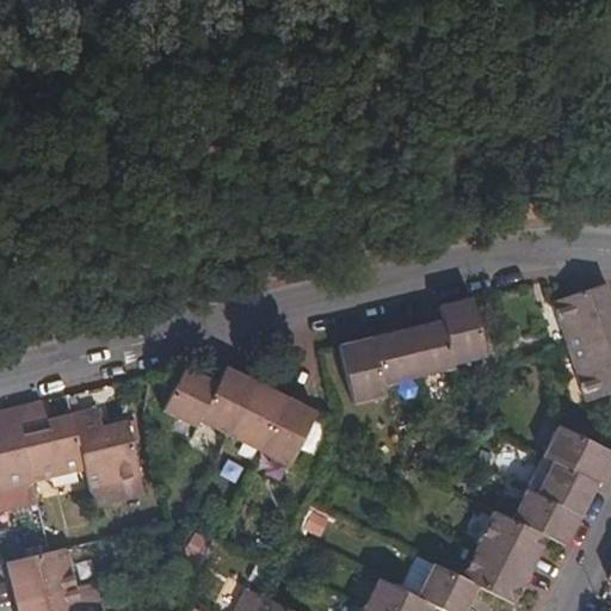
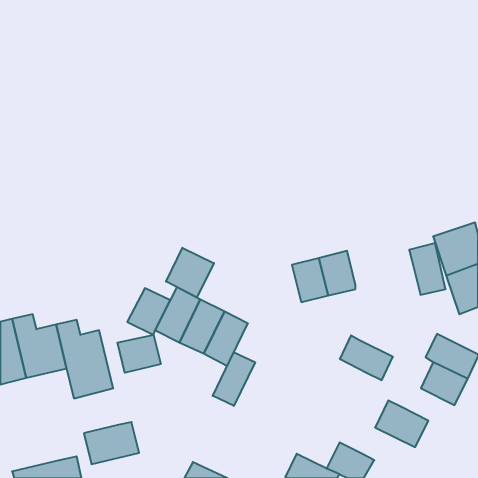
building: [439,298,486,364] -> [409,243,446,295]
building: none -> [166,248,214,297]
building: [339,338,387,403] -> none
building: none -> [117,335,161,373]
building: none -> [213,352,255,406]
building: [512,489,580,547] -> [340,335,393,380]
building: [462,545,530,604] -> none
building: [6,548,76,601] -> [84,422,139,464]

